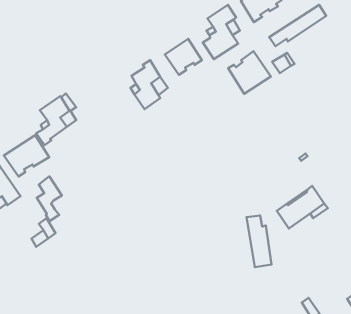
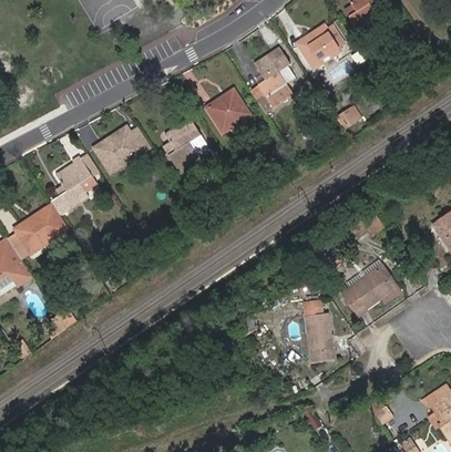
building: [269,5,326,46] -> none
building: [228,51,271,94] -> none
building: none -> [93,126,148,173]
building: [37,177,62,221] -> none

